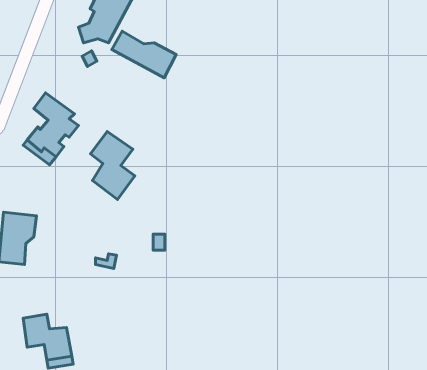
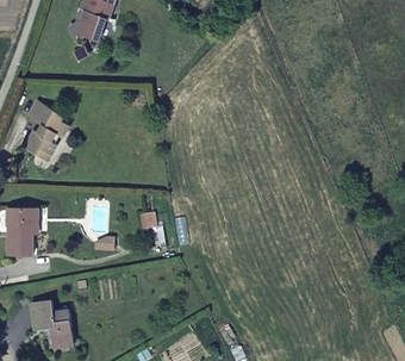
building: [112,31,176,78] -> none
building: [91,131,135,199] -> none

